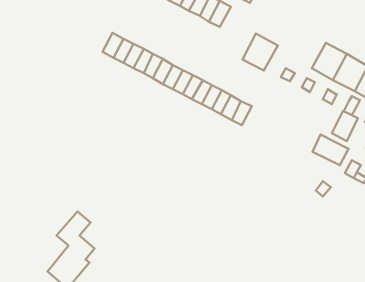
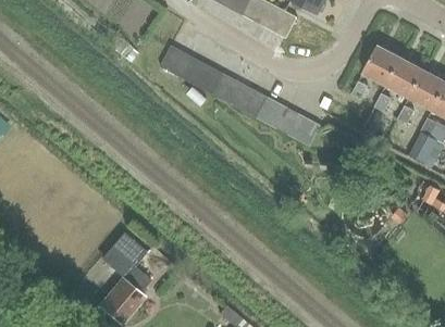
building: [243,33,278,71] -> [362,43,400,84]
building: [312,135,348,165] -> none

